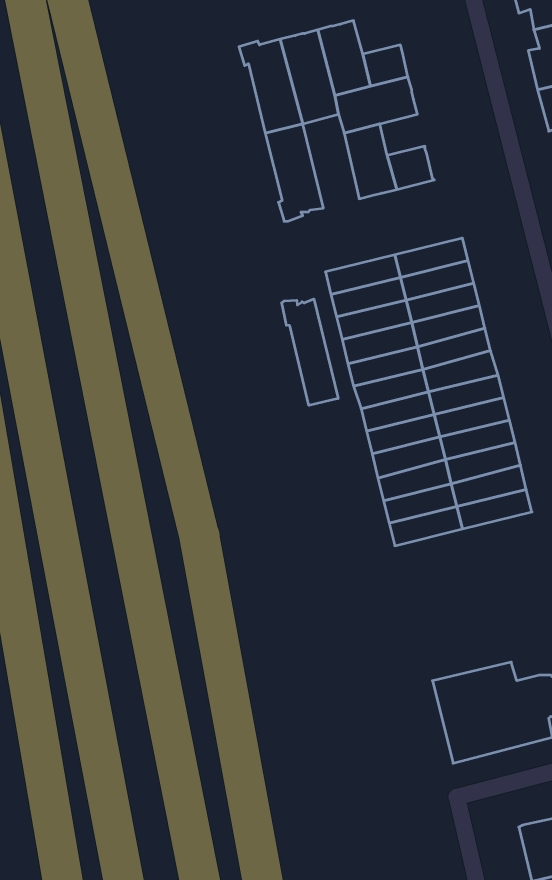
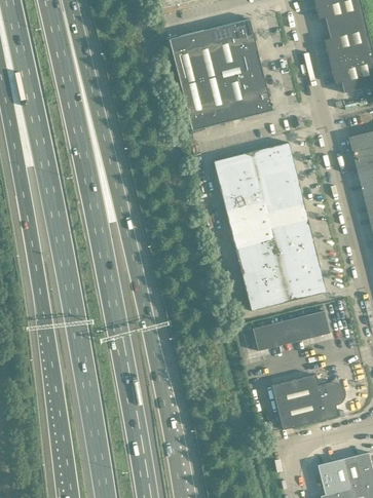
building: none -> [228,18,254,42]
building: none -> [200,75,231,126]
building: none -> [243,75,267,98]
building: [282,299,338,405] -> none
building: none -> [253,311,330,349]

